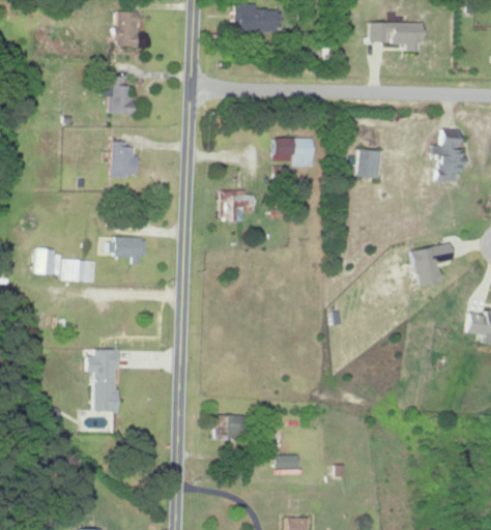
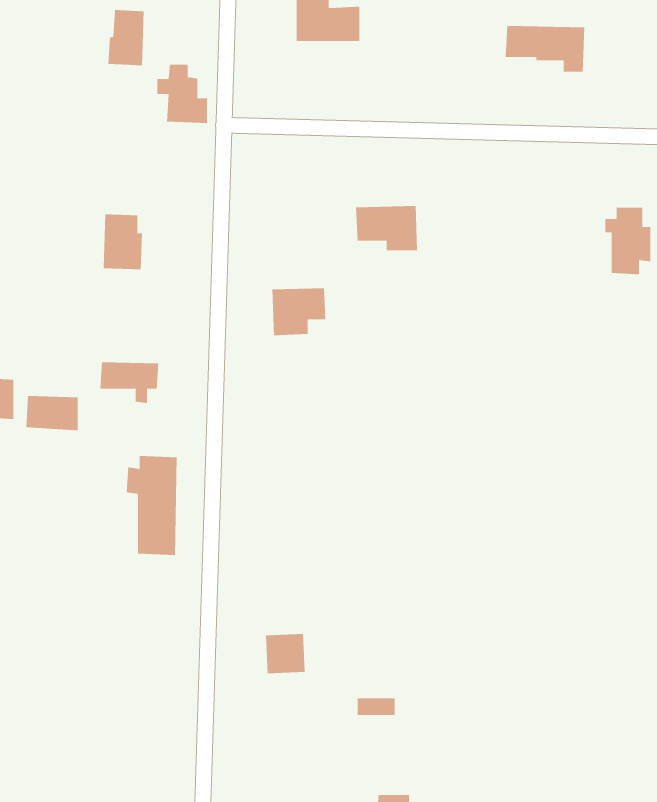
building: [102,77,135,115] -> [156,64,208,124]
building: [359,150,381,178] -> none
building: [412,243,453,288] -> none
building: [85,349,118,413] -> [126,456,177,555]

